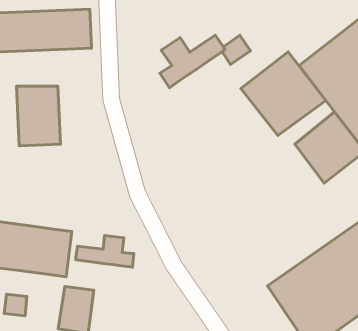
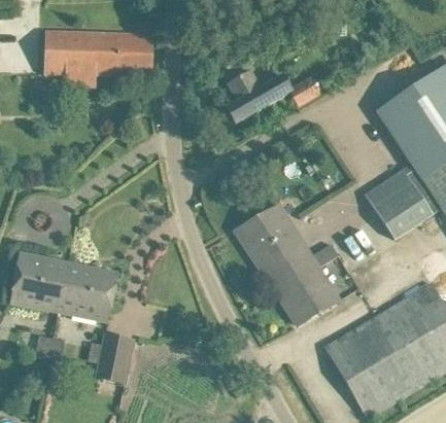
building: [241,52,326,136] -> none
building: [17,86,61,146] -> none
building: none -> [235,205,339,324]
building: [76,236,134,267] -> none

